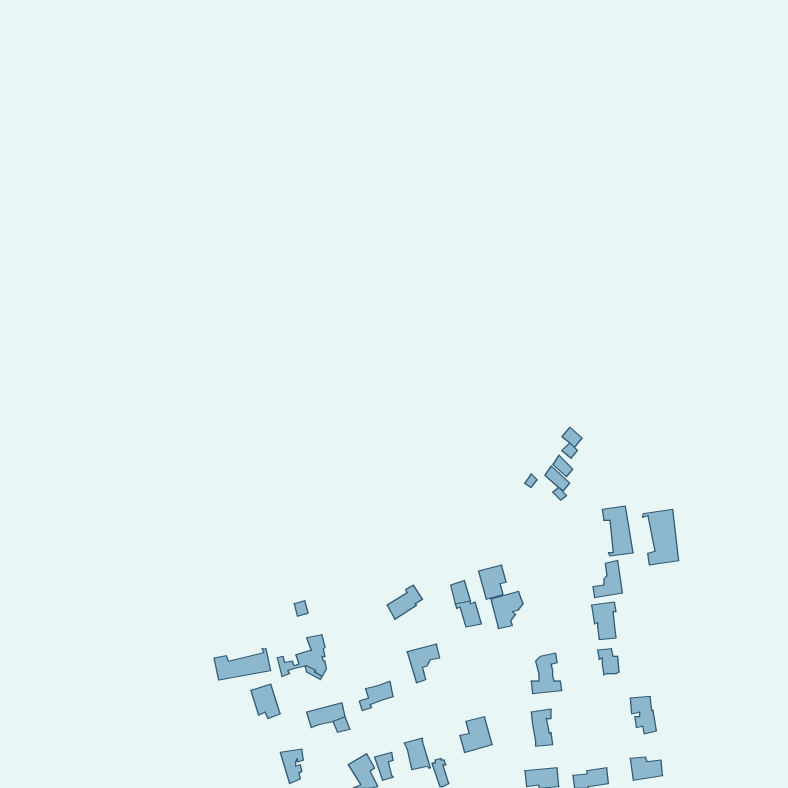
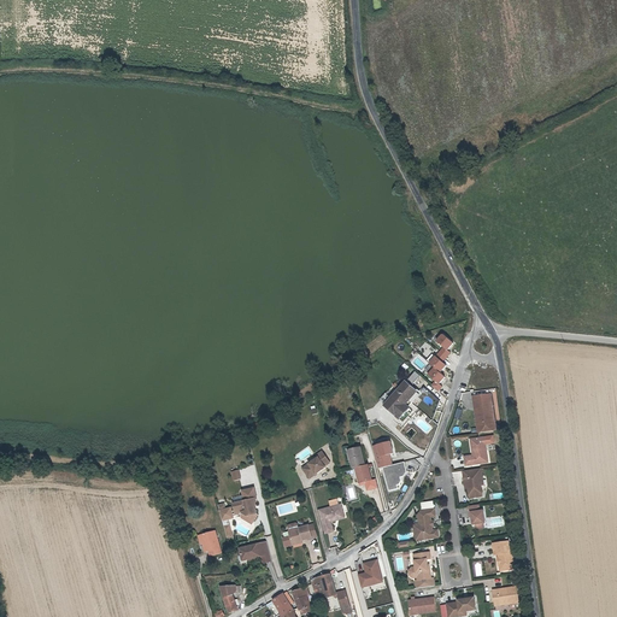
building: none -> [383,378,417,418]
building: [643,509,679,565] -> none
building: [214,648,271,680] -> none

